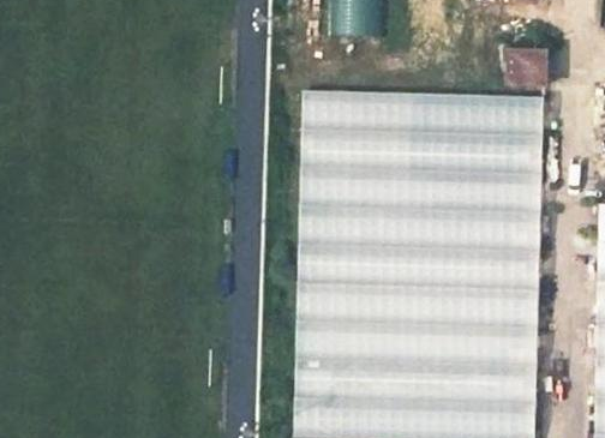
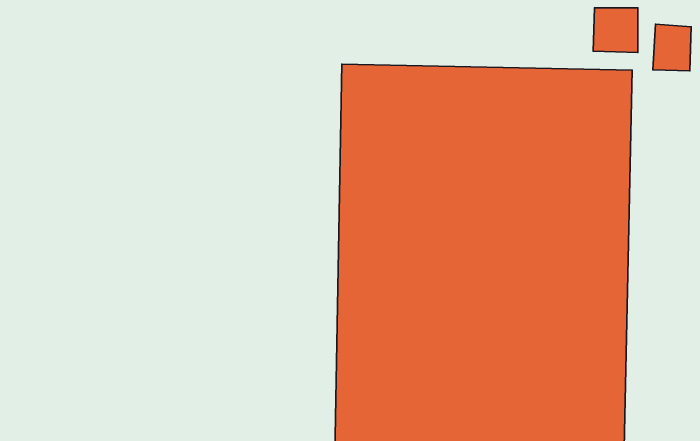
building: none -> [653,24,691,71]

